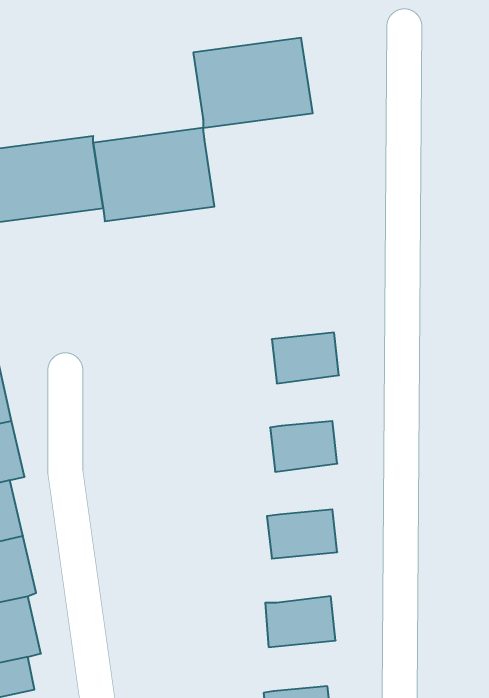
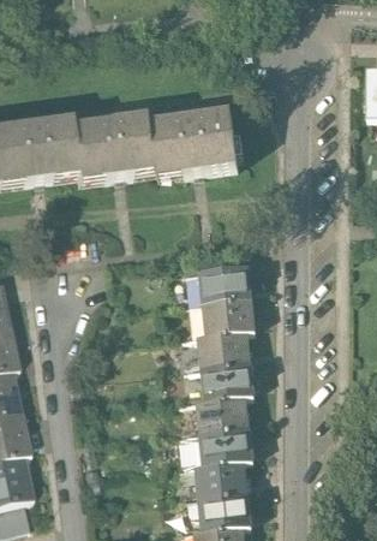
building: [193,38,313,128] -> [152,108,240,174]
building: none -> [205,292,255,329]
building: none -> [204,357,253,394]
building: none -> [202,422,253,459]
building: none -> [199,487,252,524]

